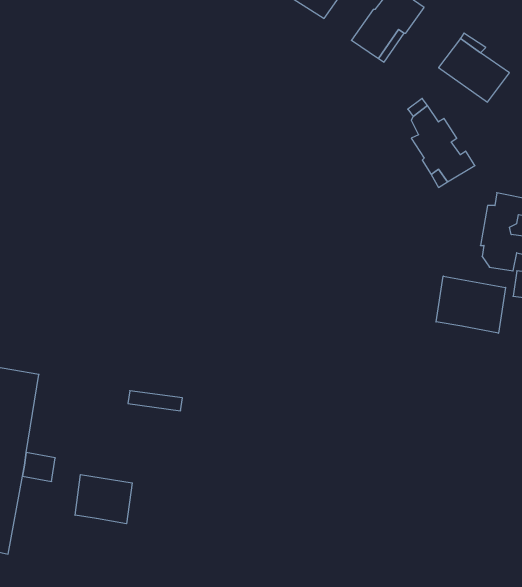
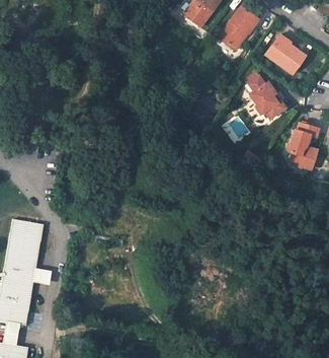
building: [436,276,506,333] -> none
building: [75,475,132,524] -> none

